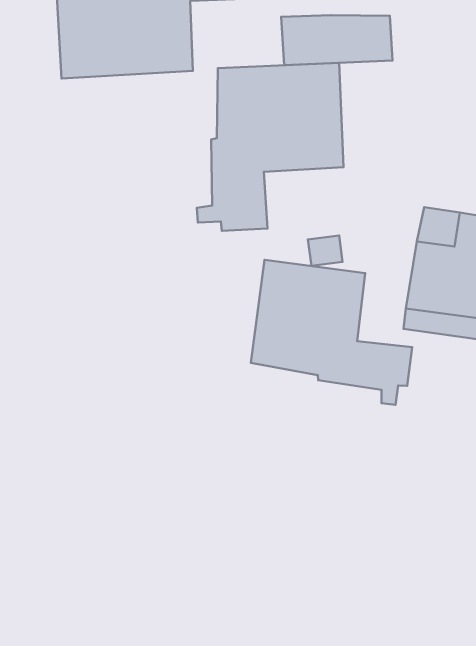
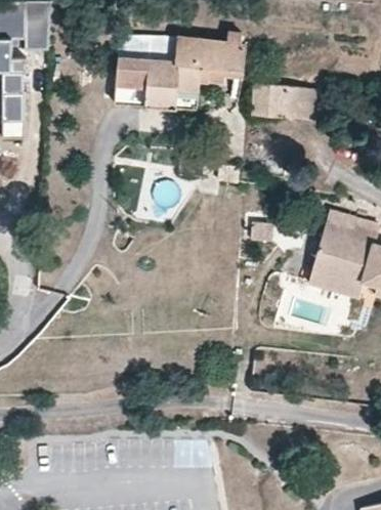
building: [197,63,344,231] -> none
building: [251,260,412,405] -> none

